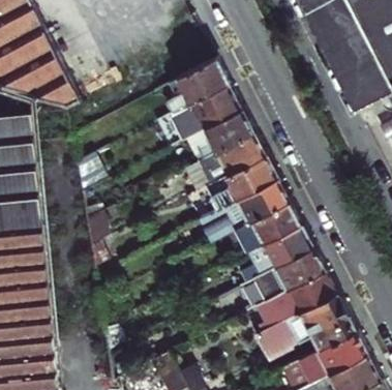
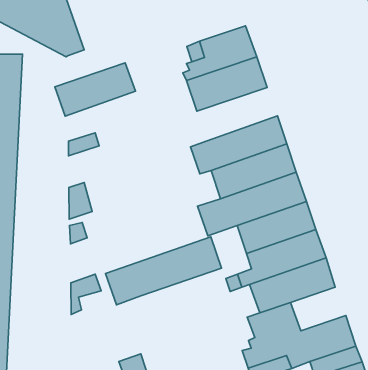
building: [185,110,254,162] -> [55,63,136,116]
building: none -> [106,237,222,305]
building: [289,271,337,312] -> none

